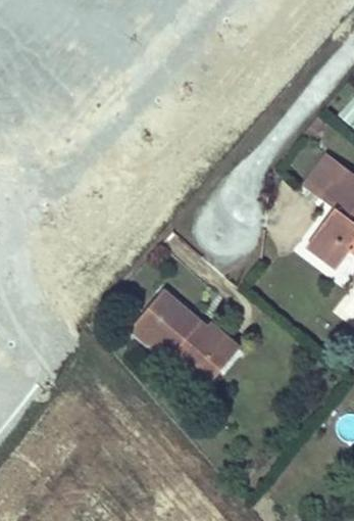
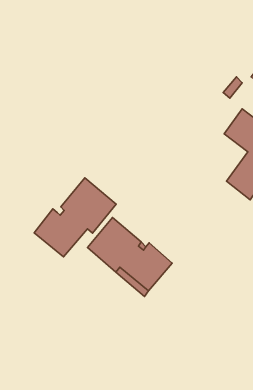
building: none -> [34,178,116,257]

